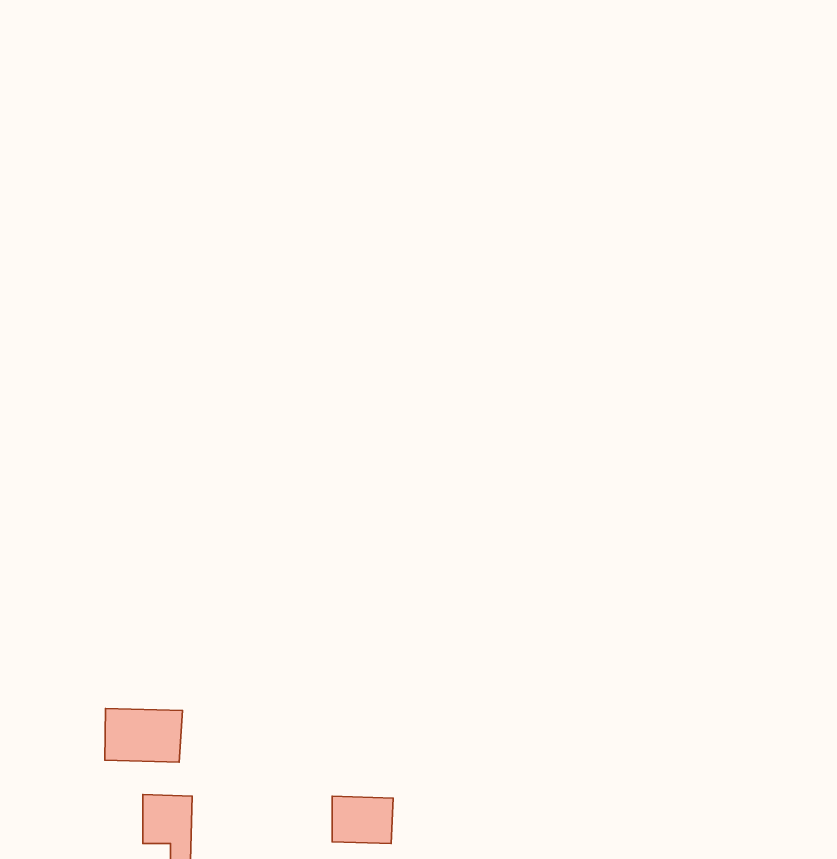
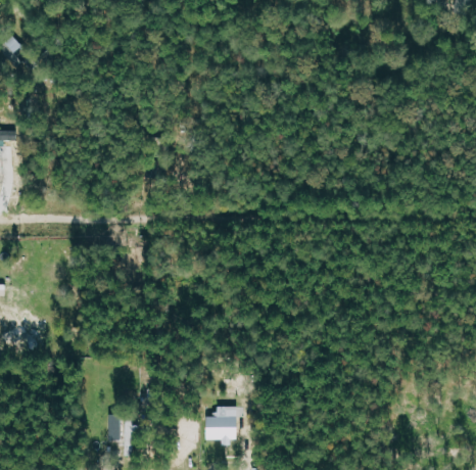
building: [105,709,182,762] -> none

